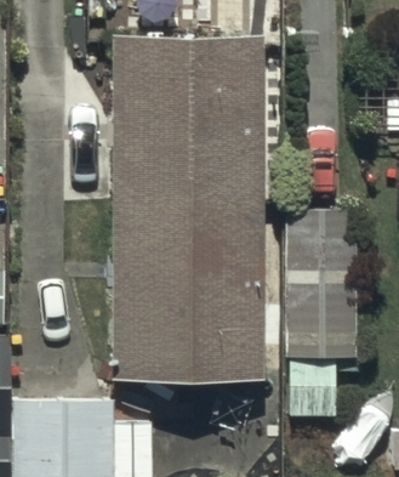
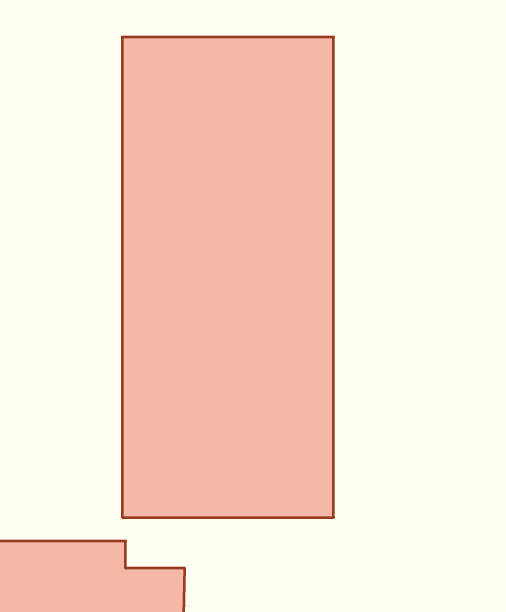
building: [287,209,355,414] -> none

